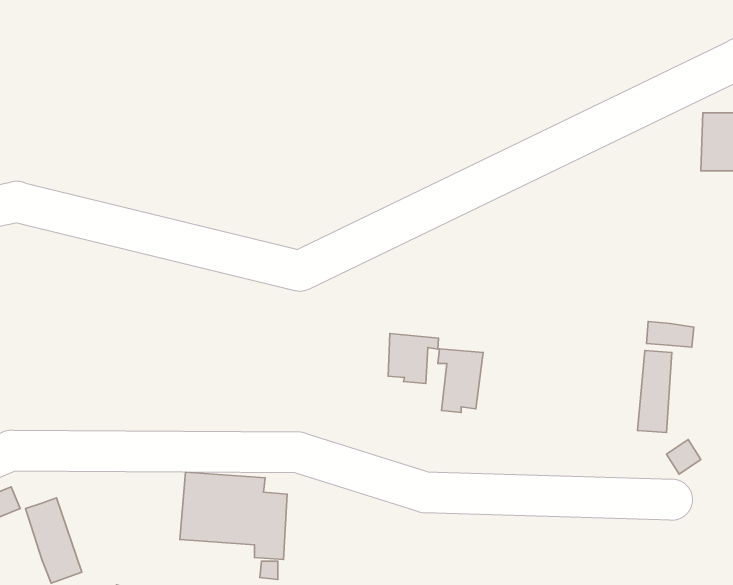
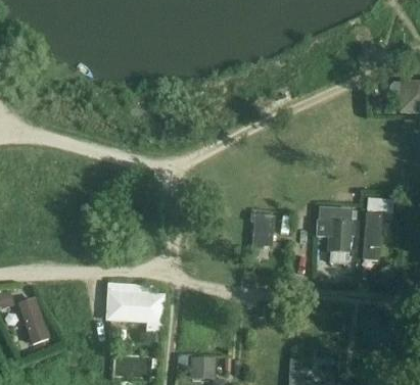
building: [388,333,438,383] -> none
building: none -> [317,207,351,252]

